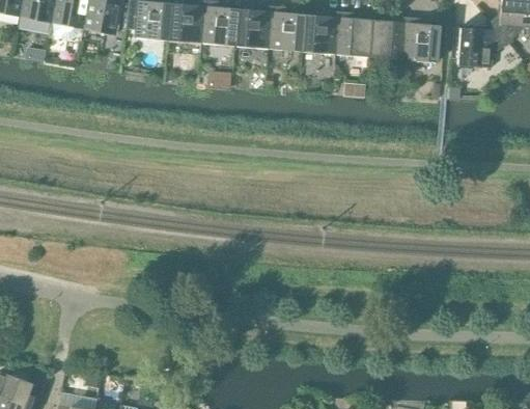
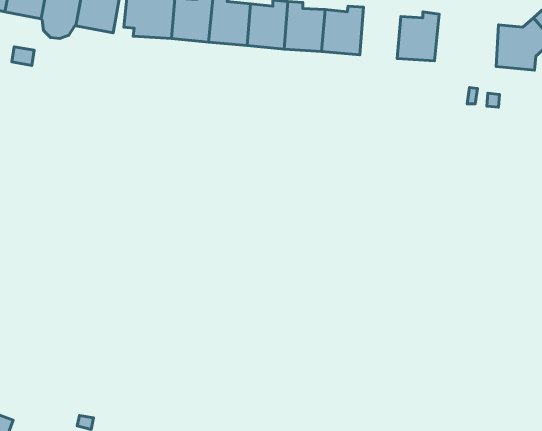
building: [335,12,371,58] -> none
building: [401,19,439,63] -> none

